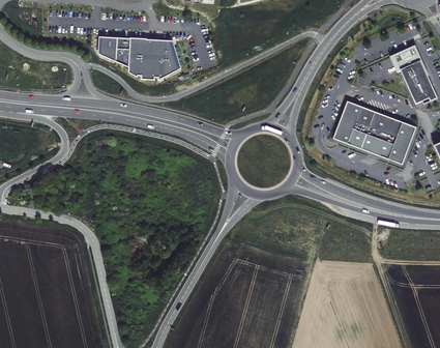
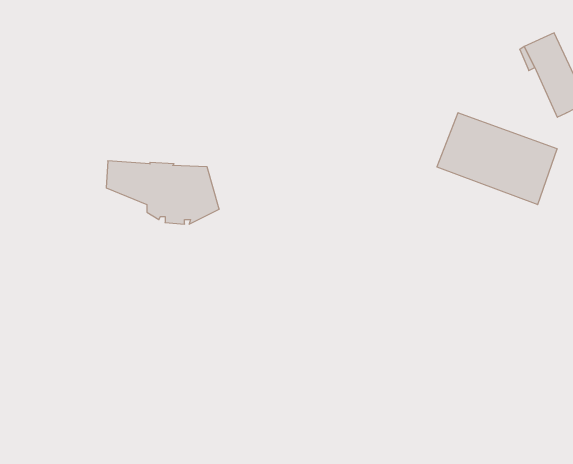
building: [100,35,178,79] -> [106,161,219,224]

